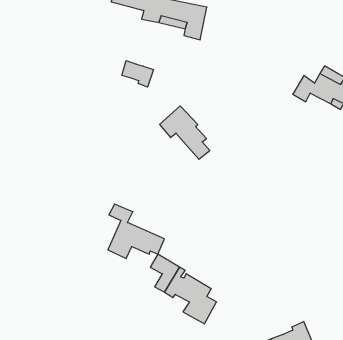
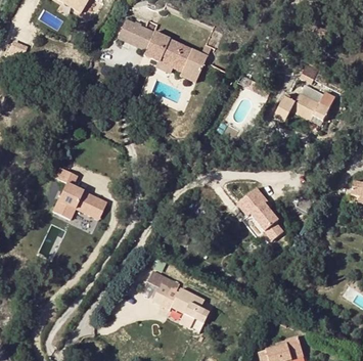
building: [122,61,154,87] -> none
building: [160,106,210,159] -> [237,189,284,239]
building: [108,204,164,258] -> [49,169,102,220]

